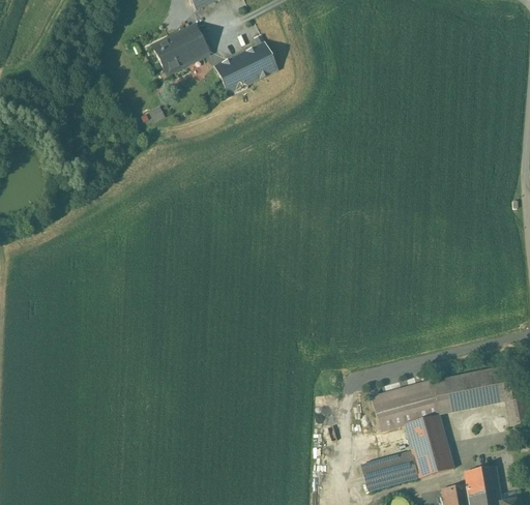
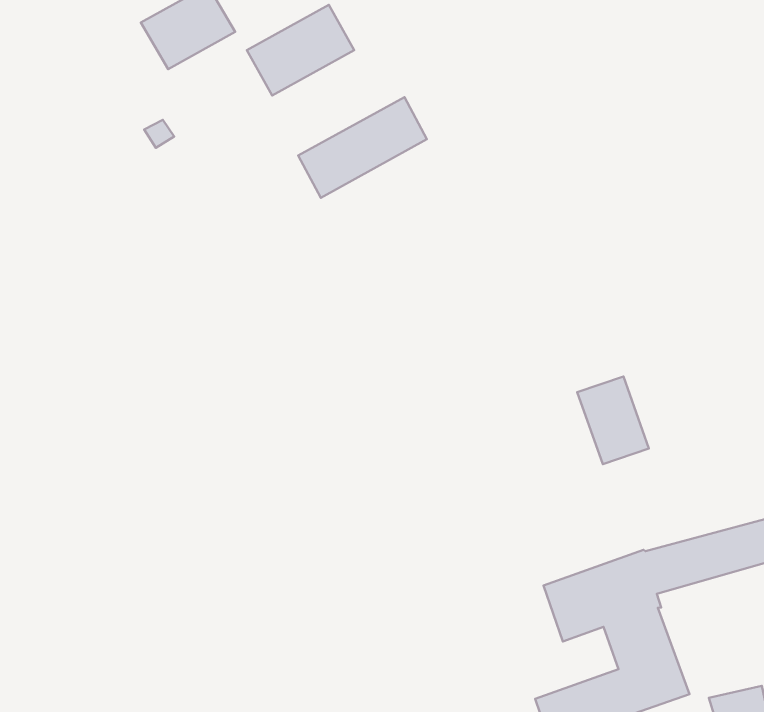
building: none -> [298,97,427,198]
building: none -> [577,376,649,464]

